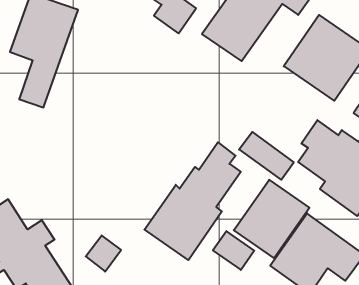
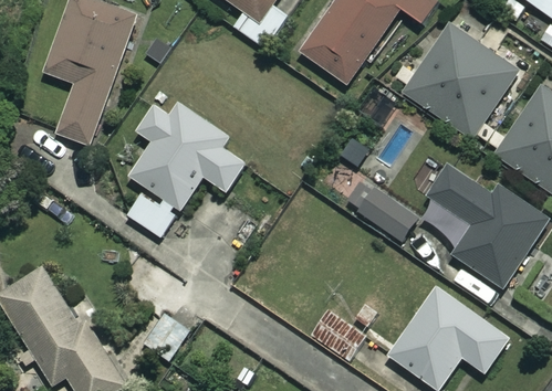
building: none -> [126,103,244,239]
building: [144,142,241,260] -> none
building: [234,180,309,258] -> none

